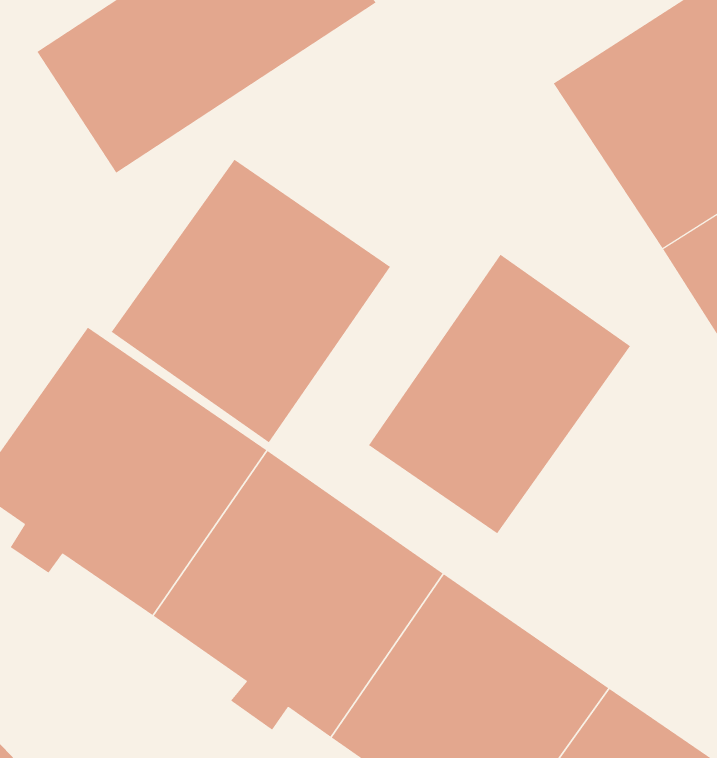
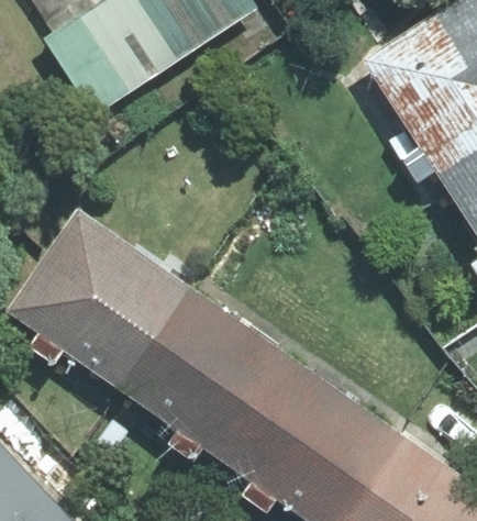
building: [111,159,391,443] -> none
building: [368,254,631,534] -> none

